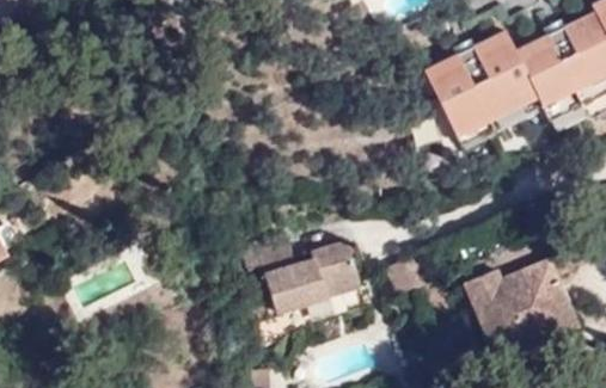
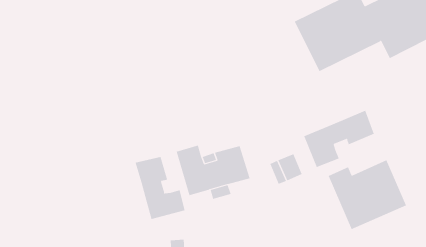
building: none -> [304,110,374,168]
building: none -> [135,156,185,220]

